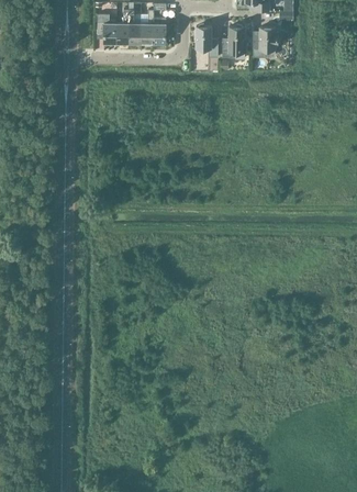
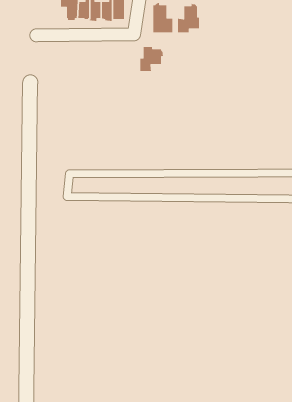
building: [252,29,277,58] -> none
building: none -> [140,46,164,72]

